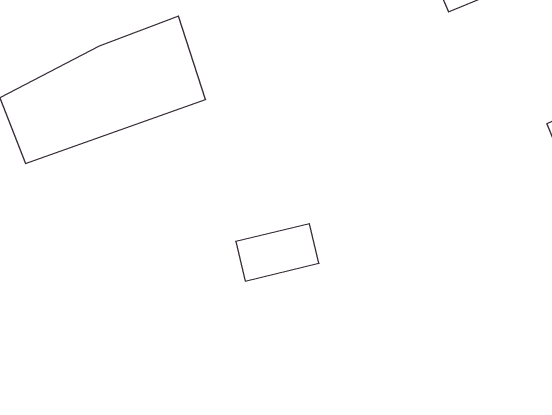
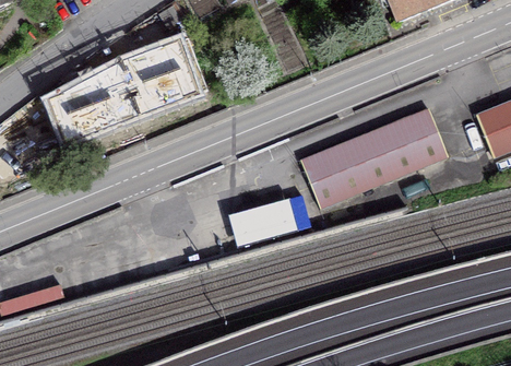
building: none -> [302,103,448,203]

